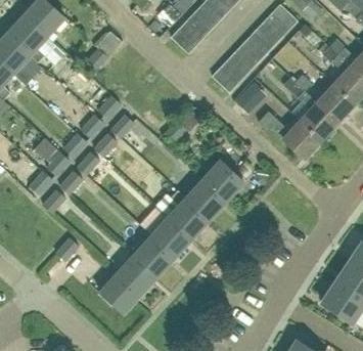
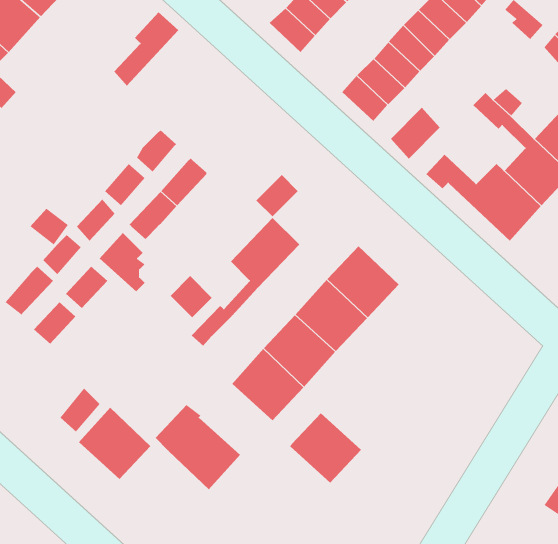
building: none -> [191,217,300,347]
building: [133,236,173,275] -> [289,412,362,483]
building: [98,273,138,313] -> [78,407,151,480]

